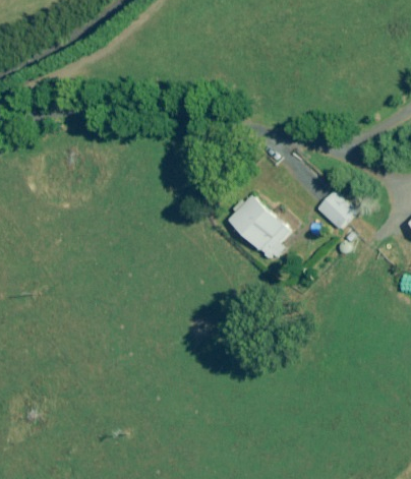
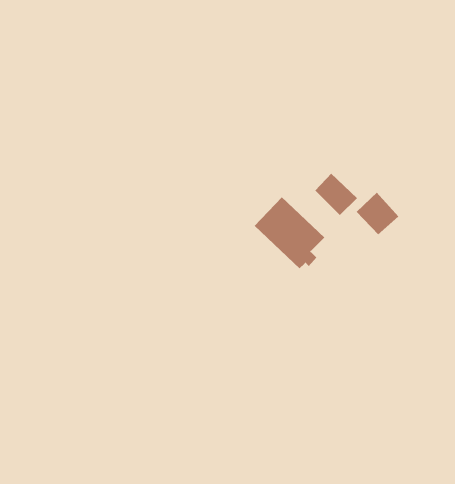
building: none -> [314,173,358,216]

